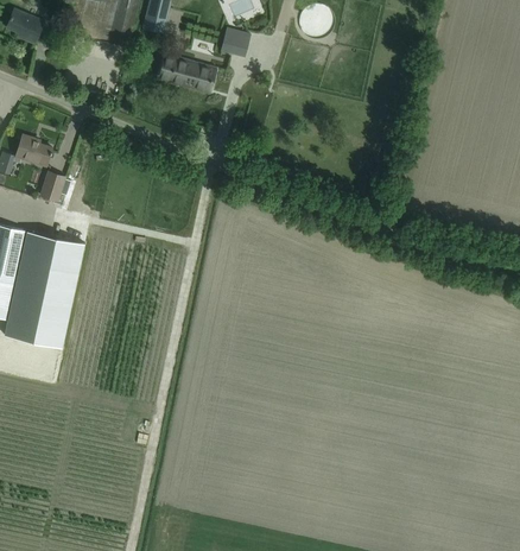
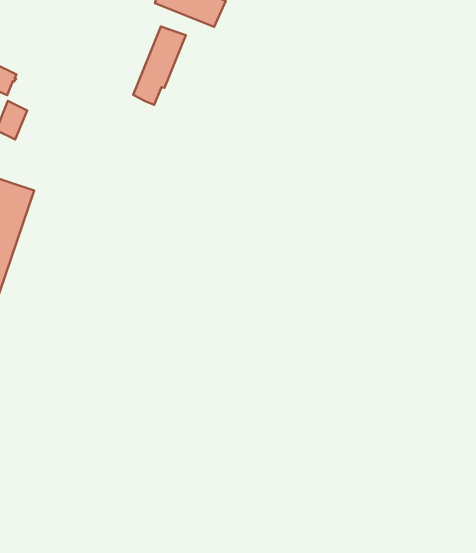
building: none -> [133,26,186,105]

